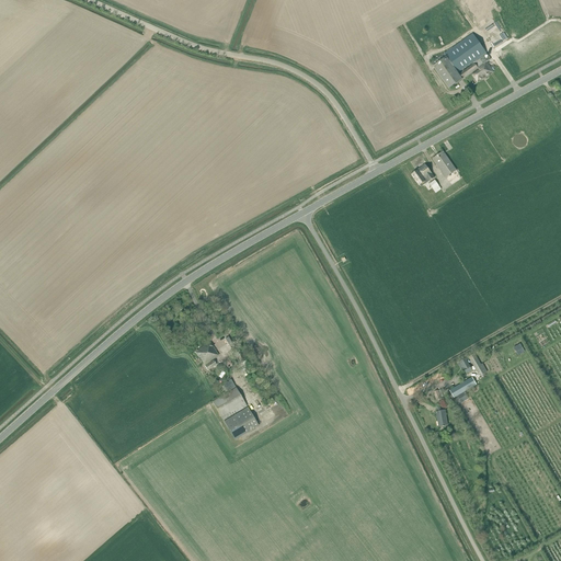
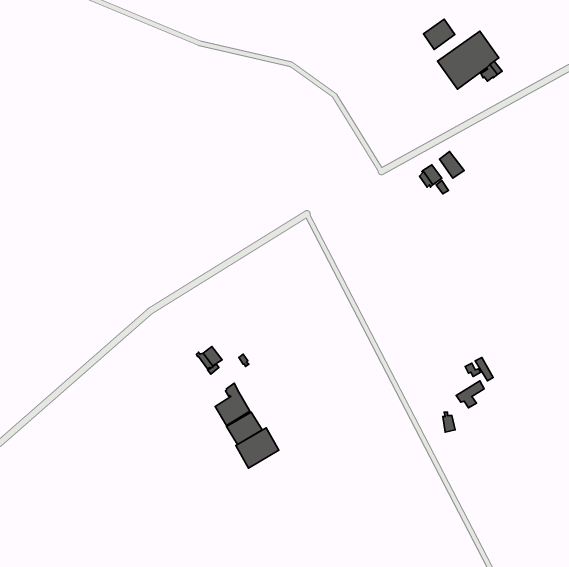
building: none -> [424,19,455,49]
building: none -> [236,428,279,468]

